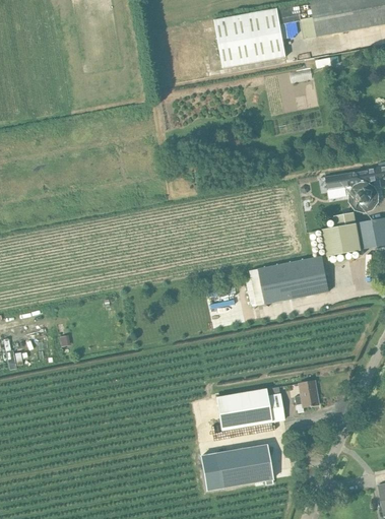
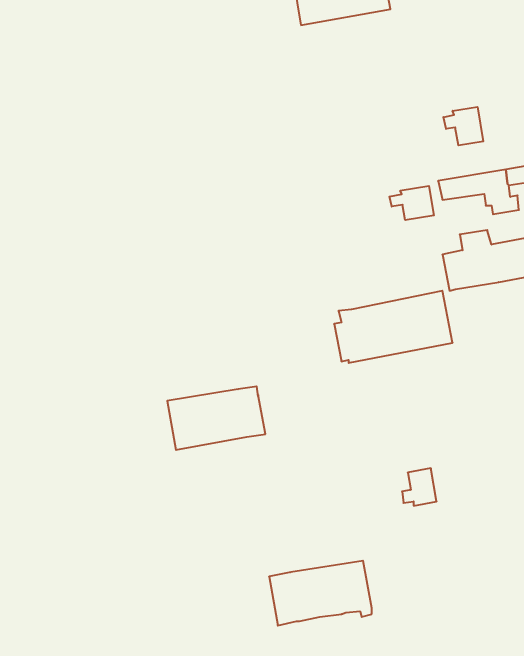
building: none -> [443,107,483,145]
building: none -> [389,186,434,220]
building: [216,386,285,431] -> [167,386,265,450]

